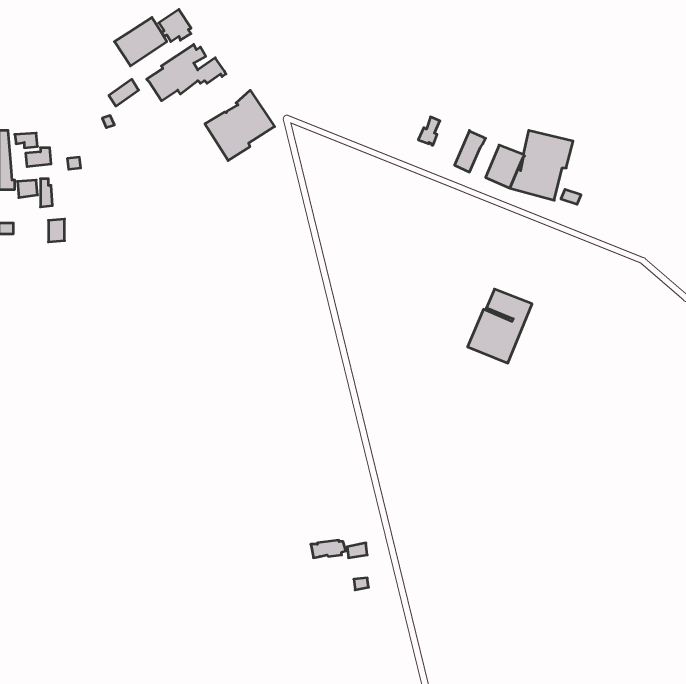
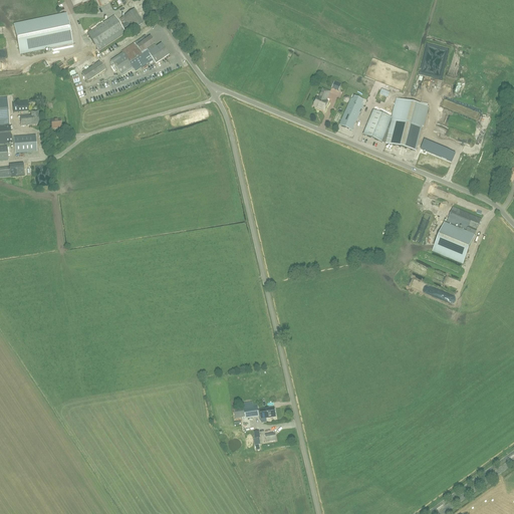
building: none -> [13,13,71,52]
building: [205,90,275,161] -> none
building: [468,289,532,363] -> [432,206,480,261]

